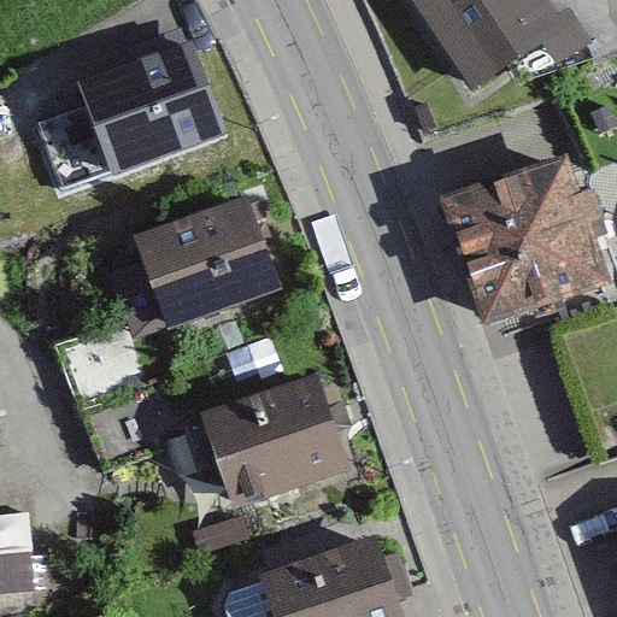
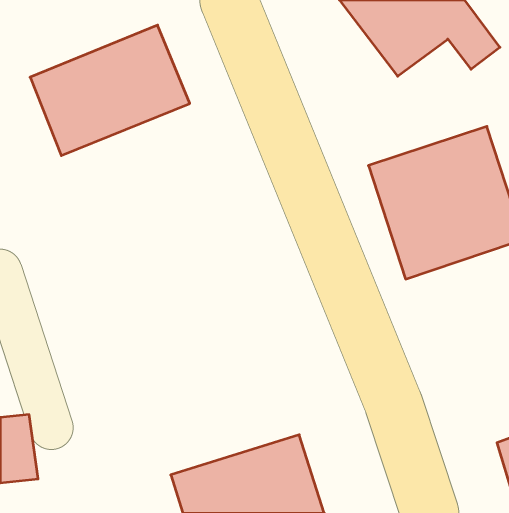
building: [100,194,277,341] -> none
building: [169,370,355,528] -> none

